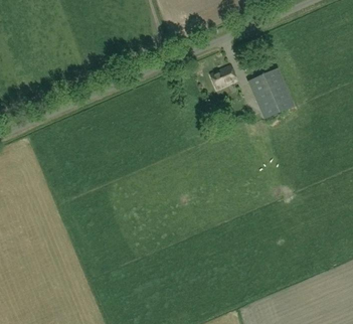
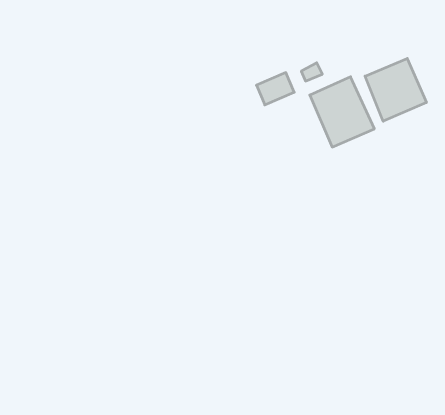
building: none -> [365,58,426,121]

